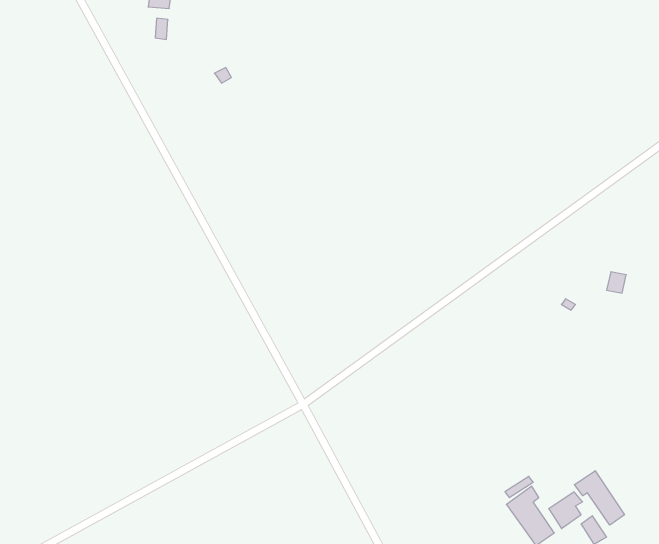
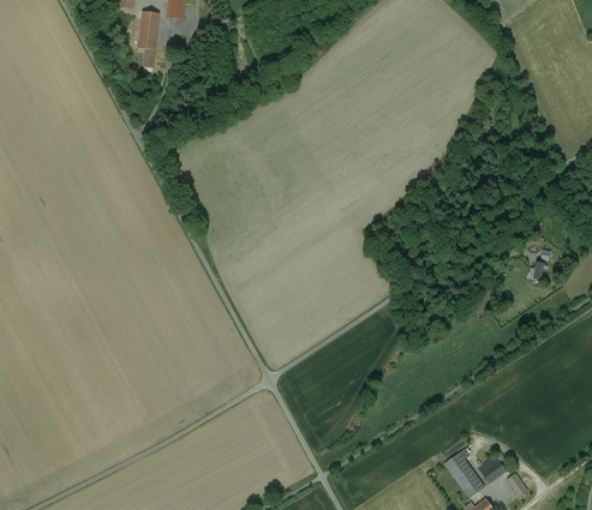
building: [574,471,624,525] -> none

